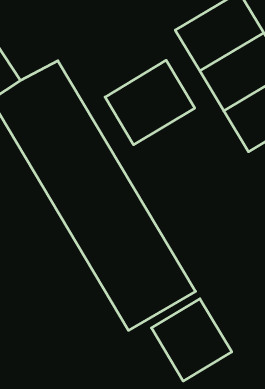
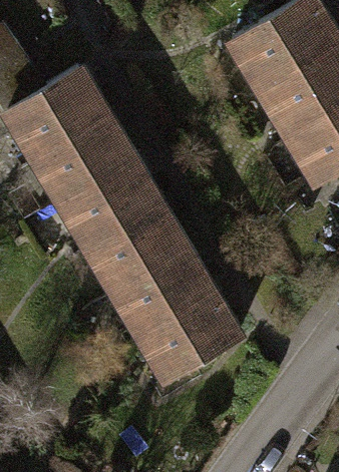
building: [105,60,195,145] -> none
building: [151,299,232,381] -> none

